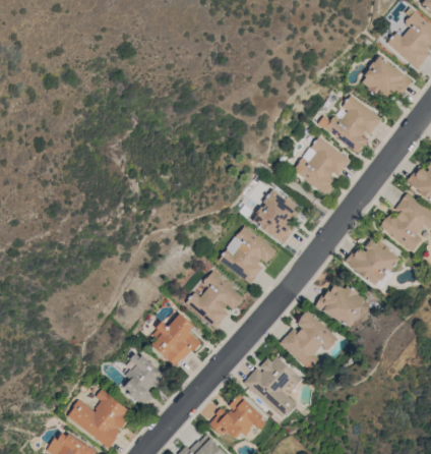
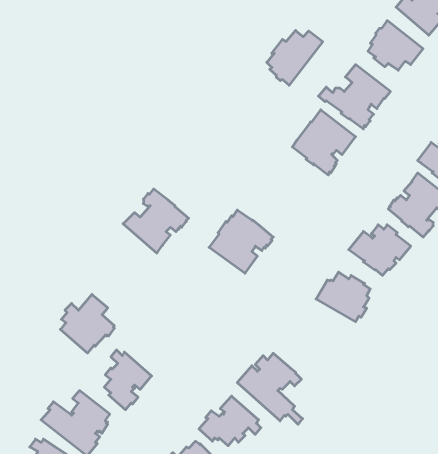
building: none -> [267,30,323,85]
building: [253,188,299,243] -> none
building: [185,271,244,329] -> [123,189,189,253]
building: [280,310,336,370] -> none
building: [151,313,200,365] -> [60,294,114,353]

